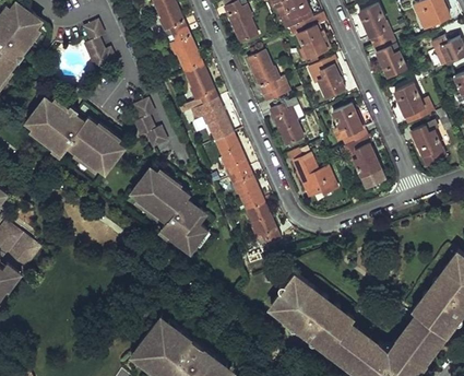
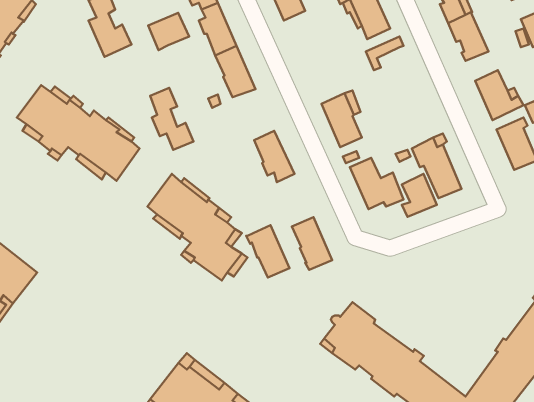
building: none -> [148,13,189,50]
building: [248,52,290,103] -> none
building: [316,66,344,97] -> none
building: [199,99,233,141] -> none
building: [334,105,362,140] -> [402,174,437,217]
building: [229,168,264,211] -> [246,225,289,278]

